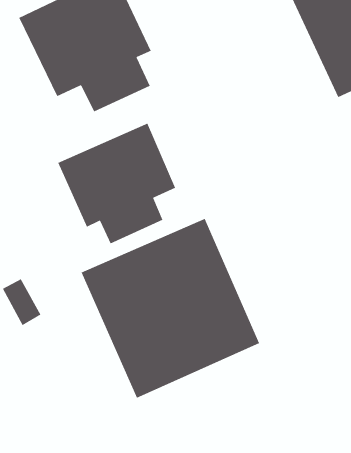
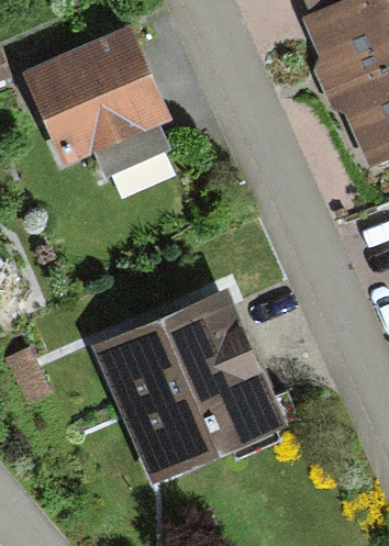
building: [57,122,176,245] -> none

